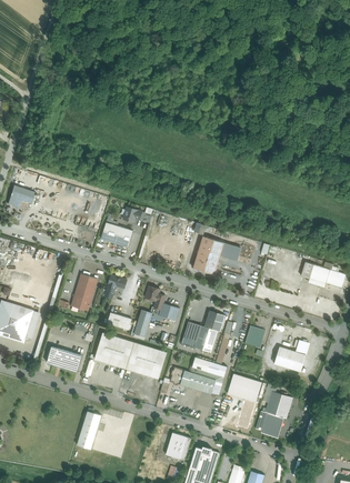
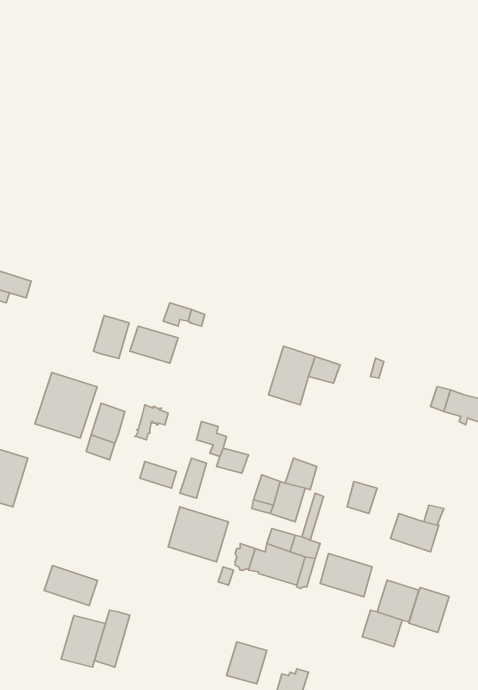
building: none -> [94,315,129,359]
building: none -> [35,372,97,438]
building: [94,332,134,369] -> none
building: [47,345,82,372] -> [44,566,98,606]
building: none -> [409,587,449,632]
building: none -> [61,615,105,667]

